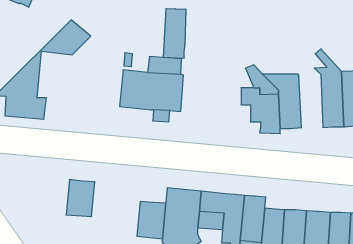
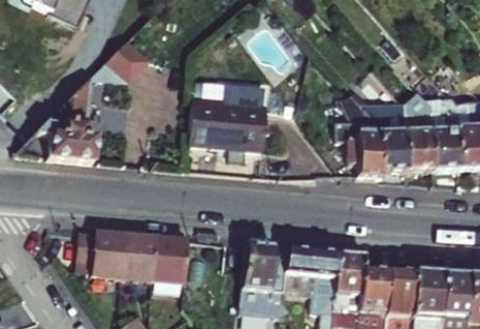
building: [163,8,186,58] -> none
building: none -> [405,92,435,171]
building: none -> [77,231,127,277]
building: [137,201,166,239] -> [154,237,189,282]

